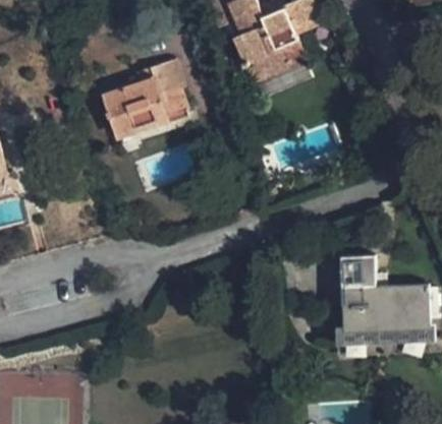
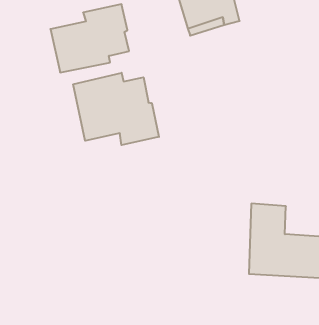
building: none -> [73,73,159,145]

